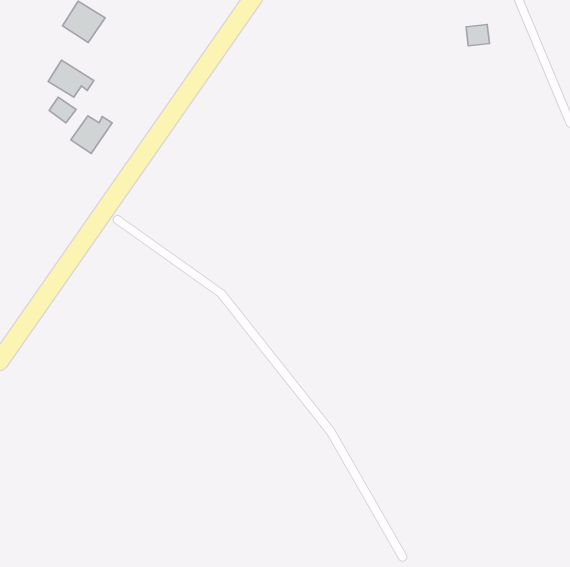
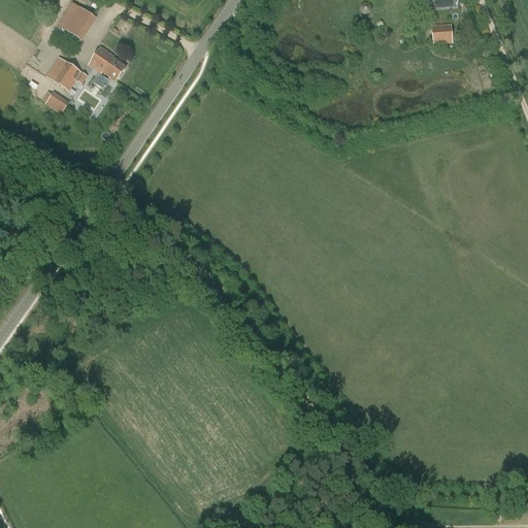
building: none -> [88,45,125,80]
building: [71,116,112,153] -> none

